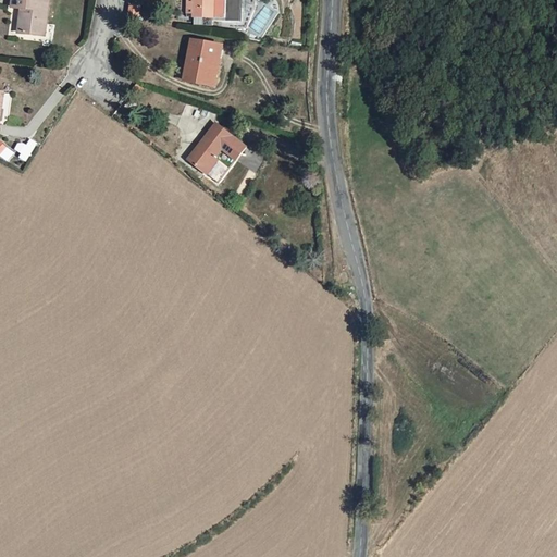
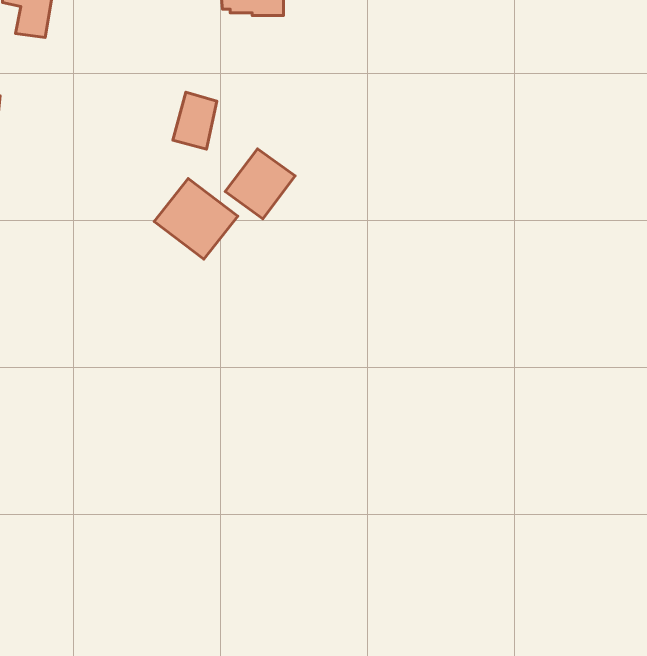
building: [182,34,219,82] -> [173,92,217,149]
building: none -> [154,179,238,259]

